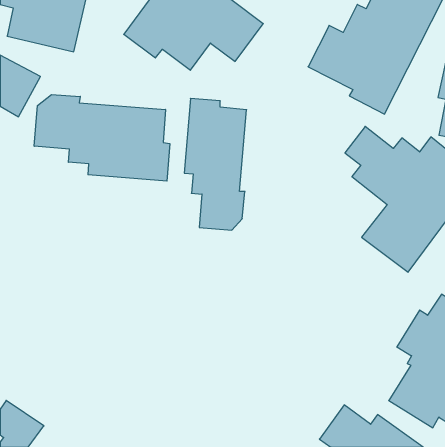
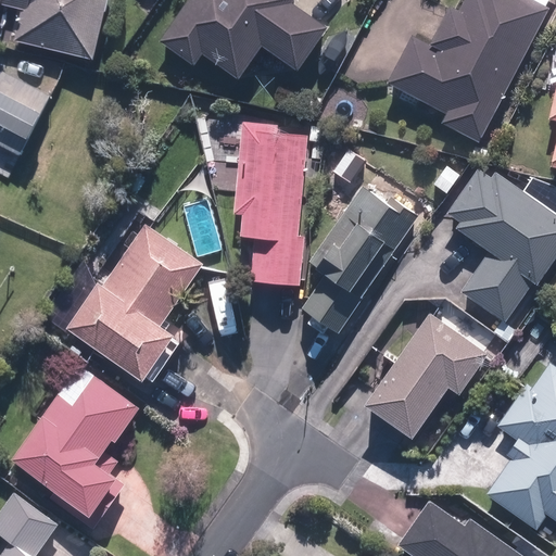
building: [34,95,170,181] -> none
building: none -> [301,184,424,337]
building: none -> [51,223,204,384]
building: none -> [358,313,489,444]
building: none -> [10,364,139,527]

